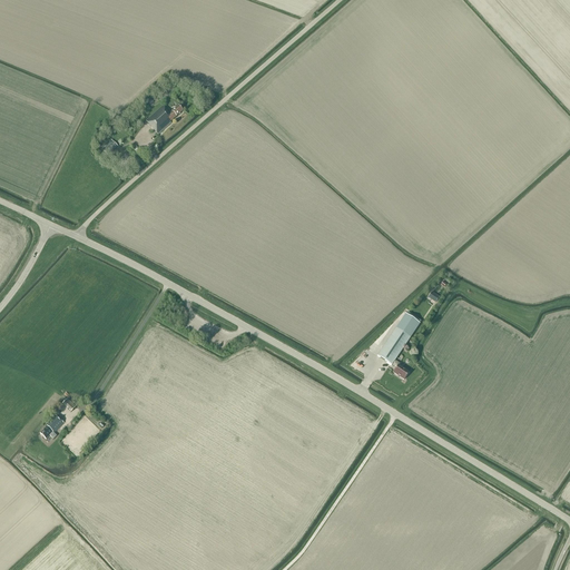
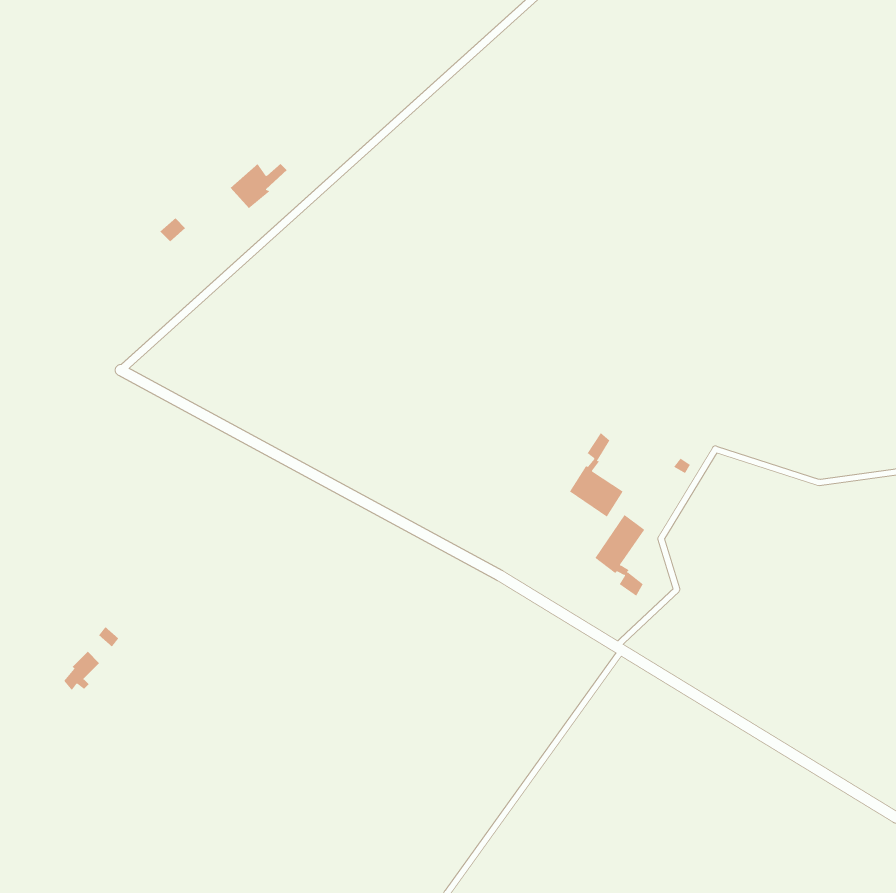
building: none -> [569,432,623,518]

